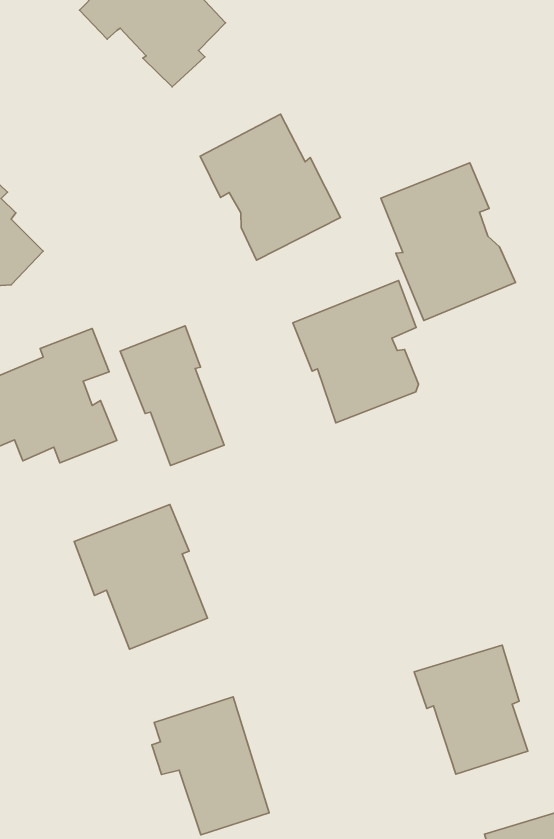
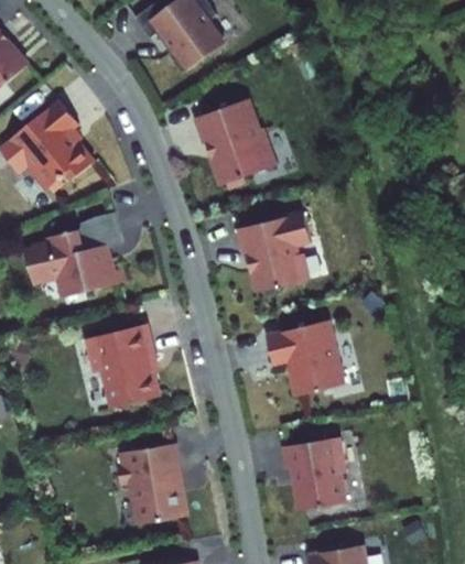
building: [381,163,516,321] -> none
building: [120,326,224,465] -> none
building: none -> [267,321,345,398]

